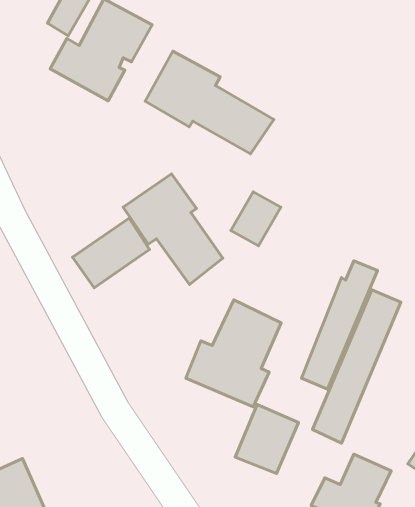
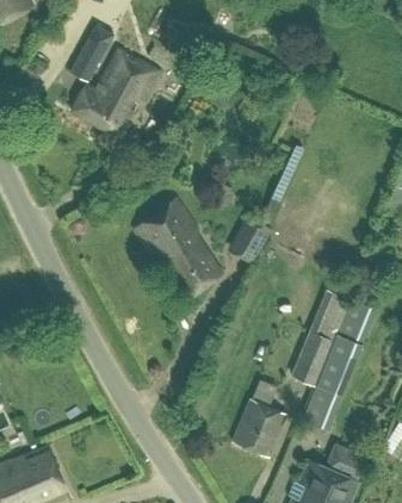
building: [145,51,274,154] -> none
building: [72,218,150,288] -> none
building: [186,300,281,407] -> none

